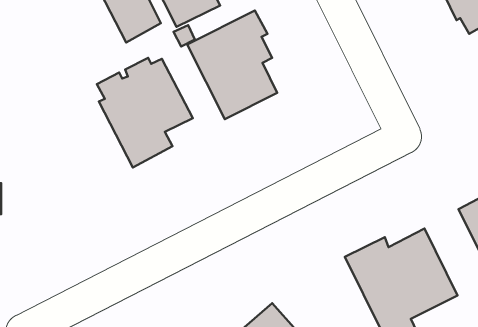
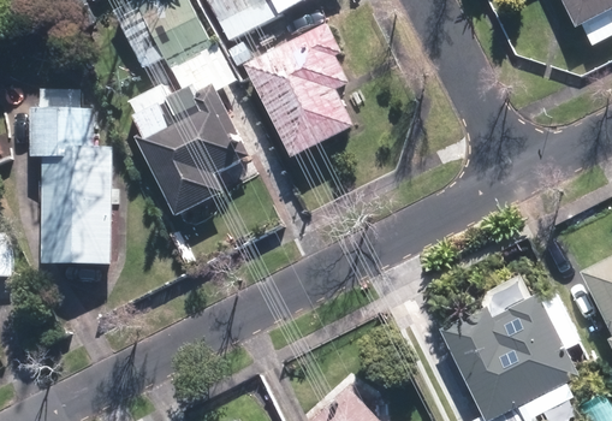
building: none -> [30,102,112,261]

